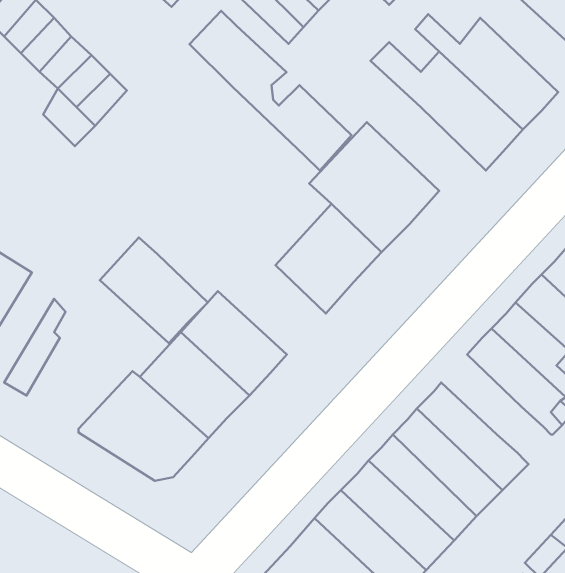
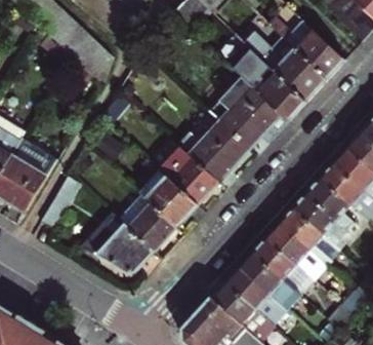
building: [190,11,351,171] -> [215,33,304,121]
building: [100,237,208,343] -> [157,145,216,203]
building: none -> [280,203,341,264]

